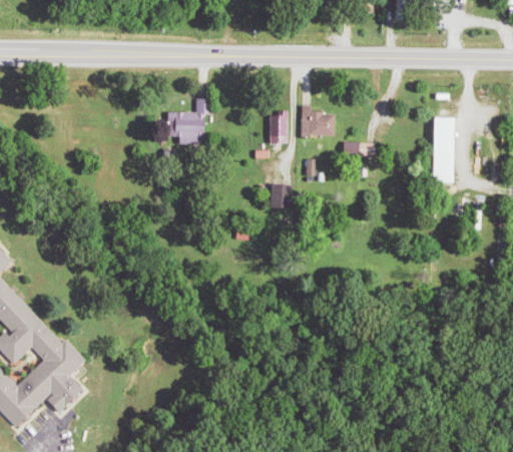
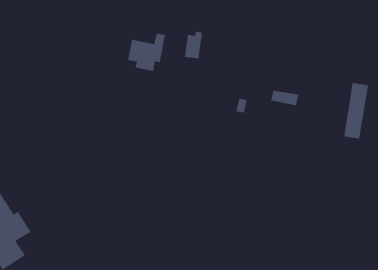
building: [299,105,334,136] -> none
building: [268,110,287,143] -> [184,31,203,59]
building: [270,184,291,208] -> none

